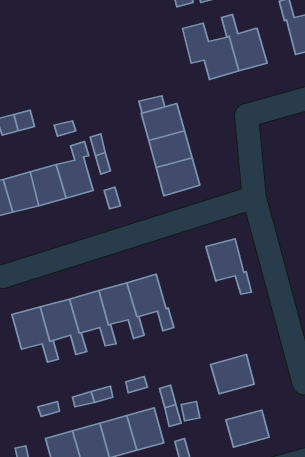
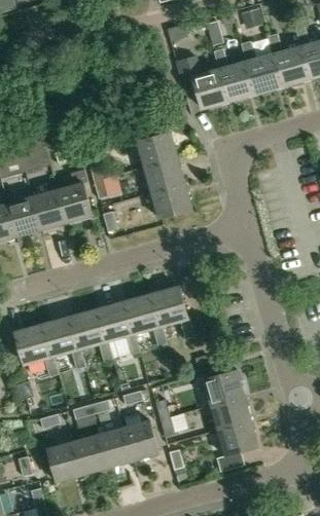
building: none -> [240,40,283,94]
building: [206,239,252,294] -> [151,286,194,338]
building: none -> [211,397,251,431]

